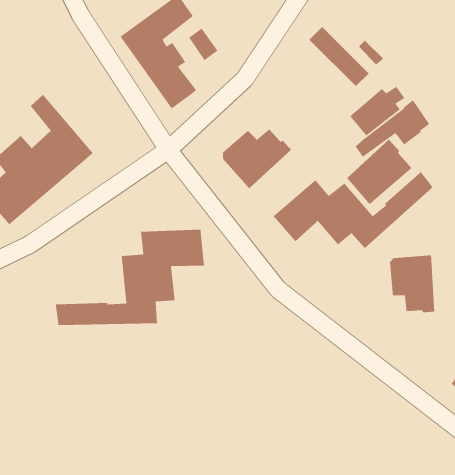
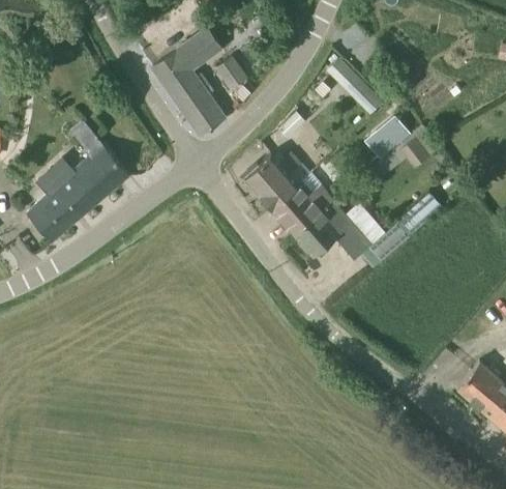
building: [346,139,412,205] -> [271,173,332,234]
building: [55,229,205,326] -> none
building: [389,255,435,313] -> none

